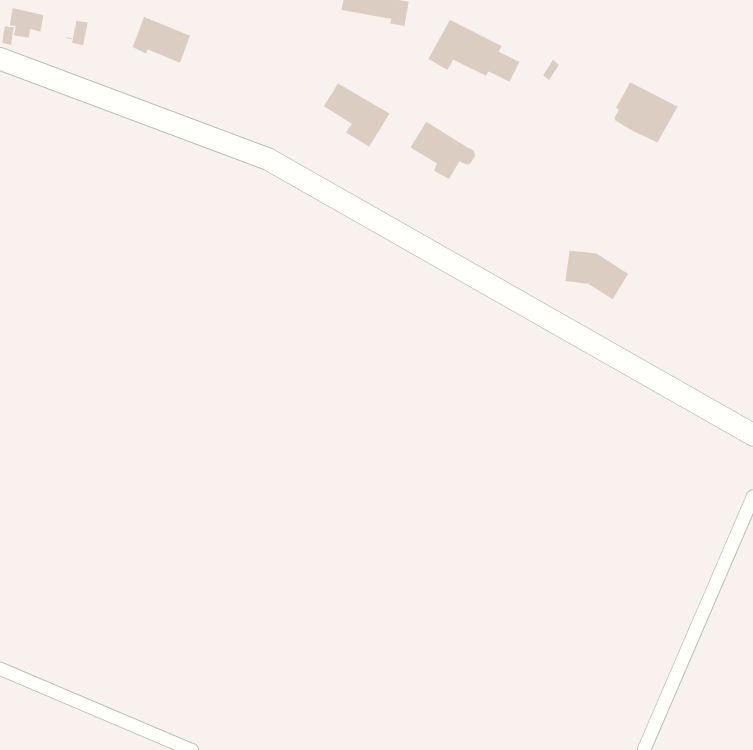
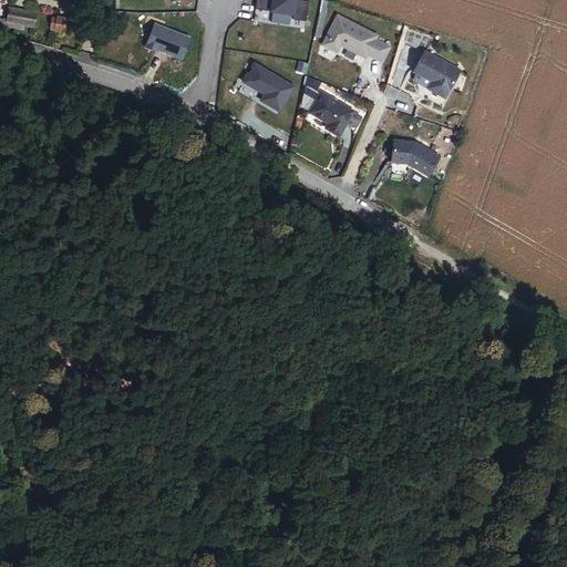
building: [132,16,191,63] -> [145,22,189,58]
building: [614,81,678,143] -> [412,51,461,97]
building: [564,250,629,300] -> [391,138,440,176]

